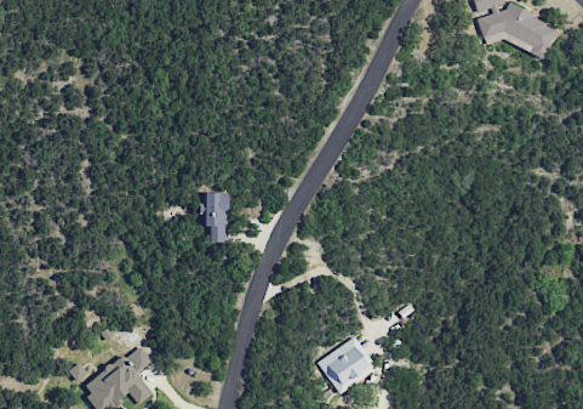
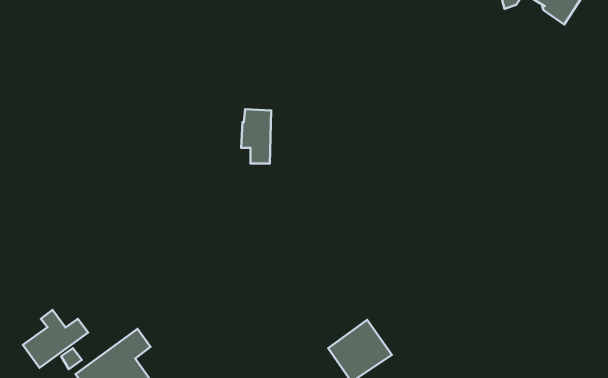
building: [201,192,229,243] -> [241,109,271,163]
building: none -> [23,310,88,368]

